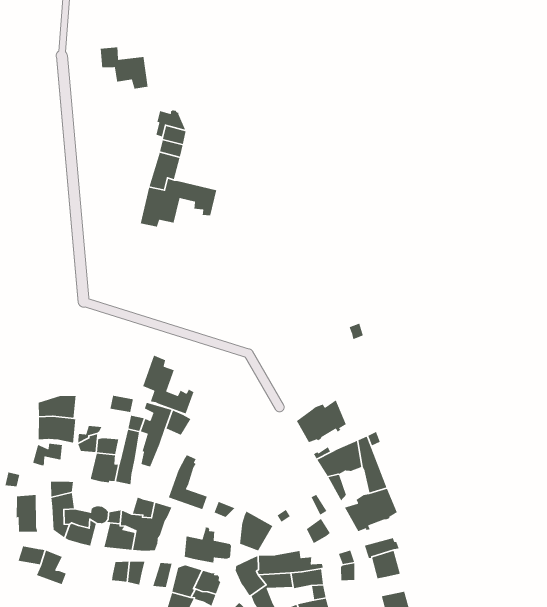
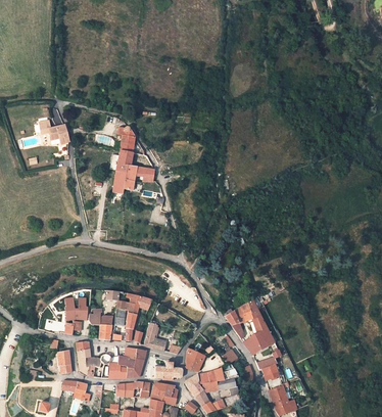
building: [100,46,149,89] -> [39,120,68,143]
building: [142,355,194,415] -> none
building: [296,399,347,443] -> none

